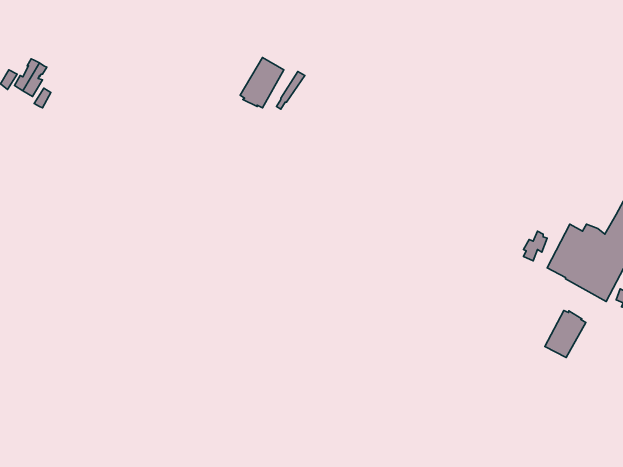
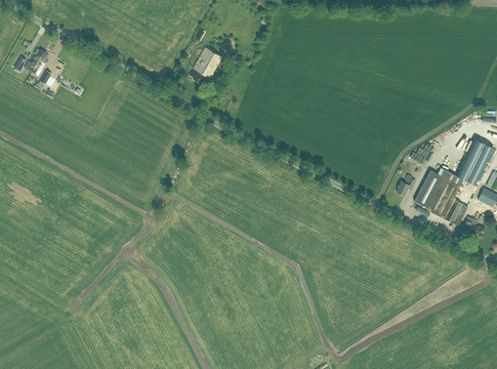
building: [545,310,586,358] -> none

